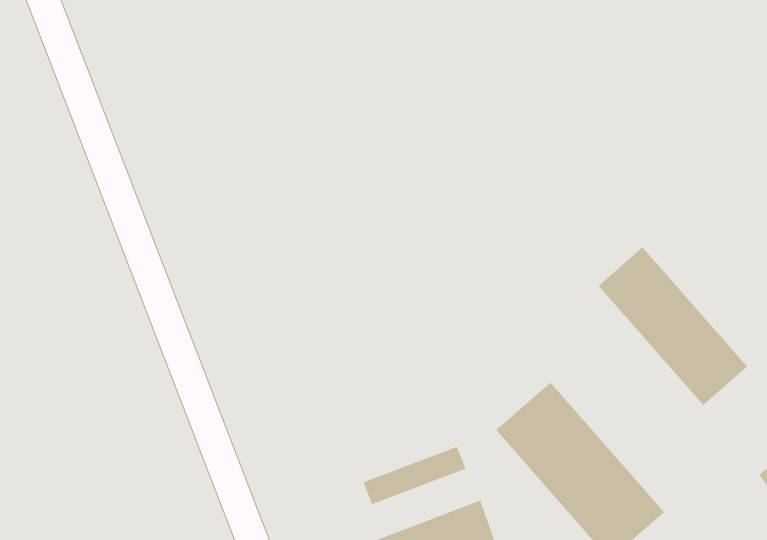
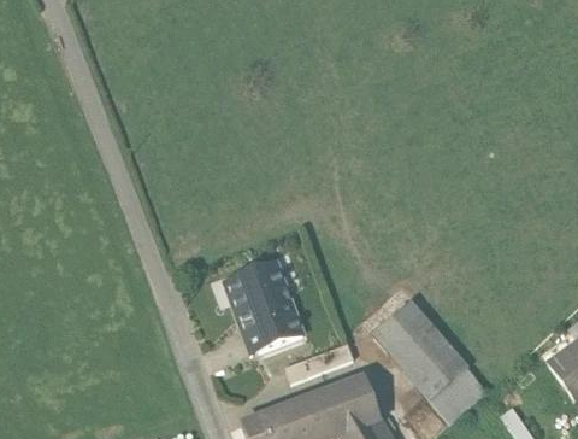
building: [598,246,748,406] -> none
building: none -> [224,263,302,353]

